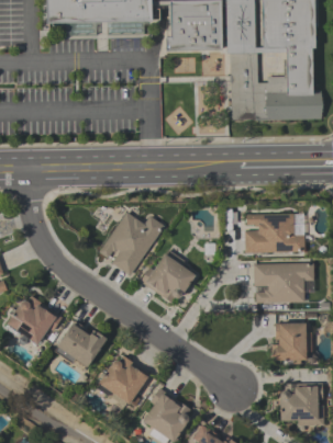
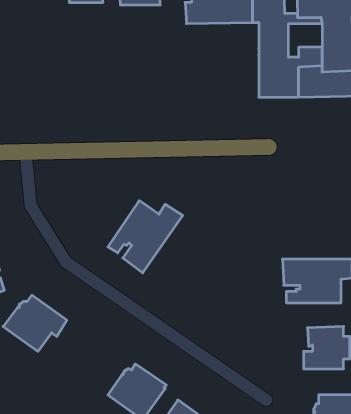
building: [244,213,303,252] -> none
building: [140,249,196,303] -> none
building: [56,320,107,367] -> none

